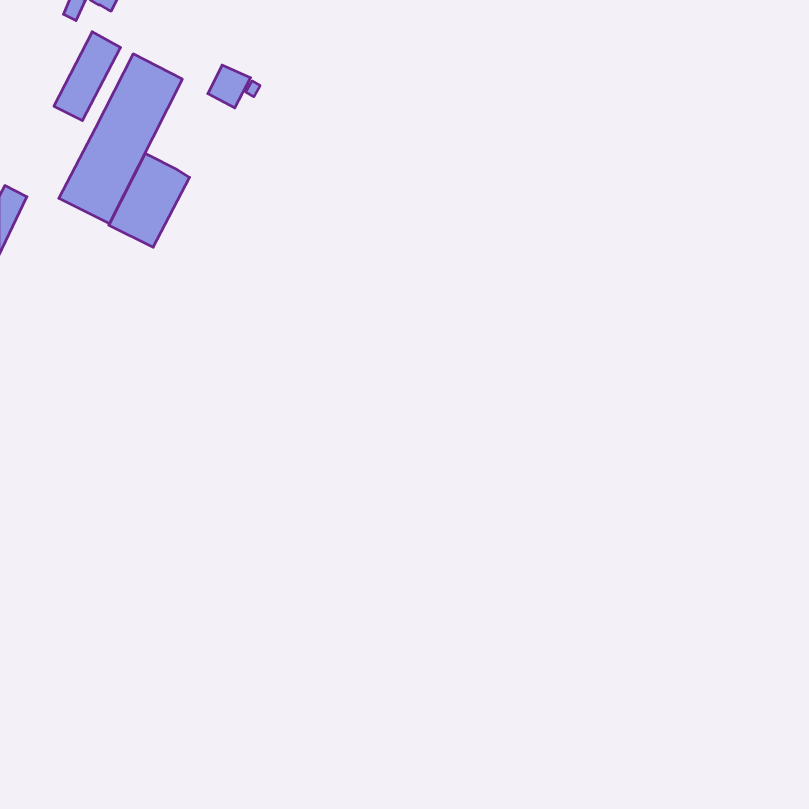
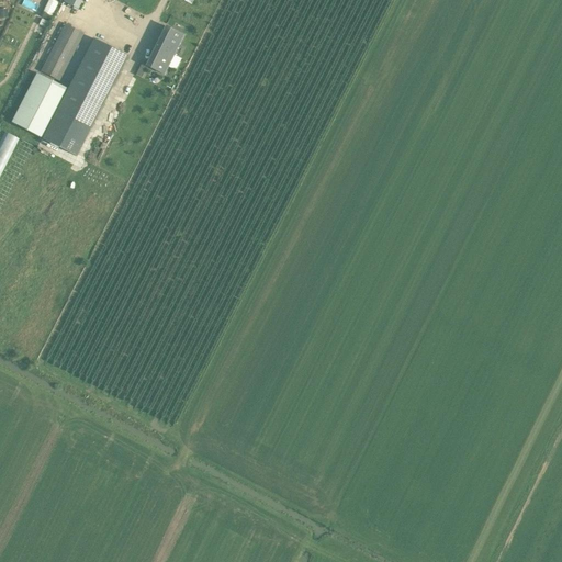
building: none -> [154,25,183,54]
building: [109,154,190,247] -> [10,72,66,137]

